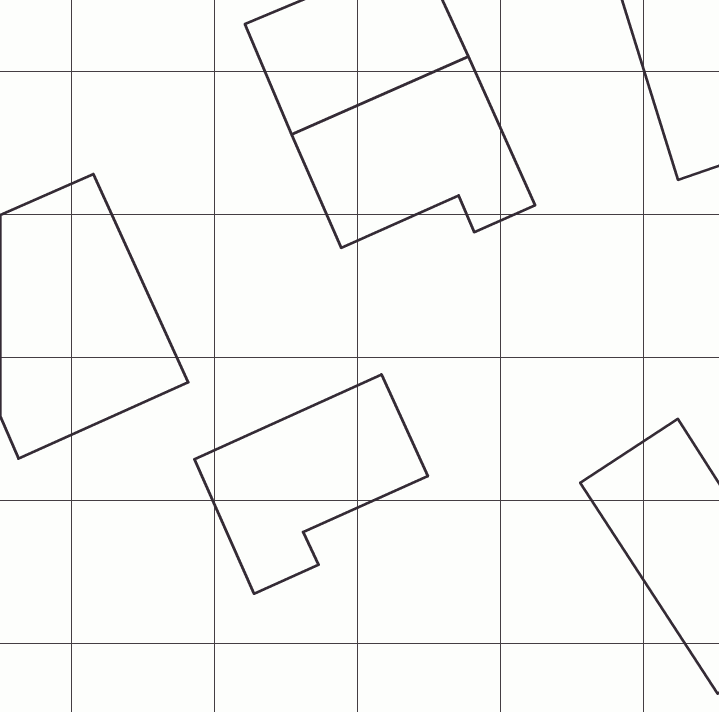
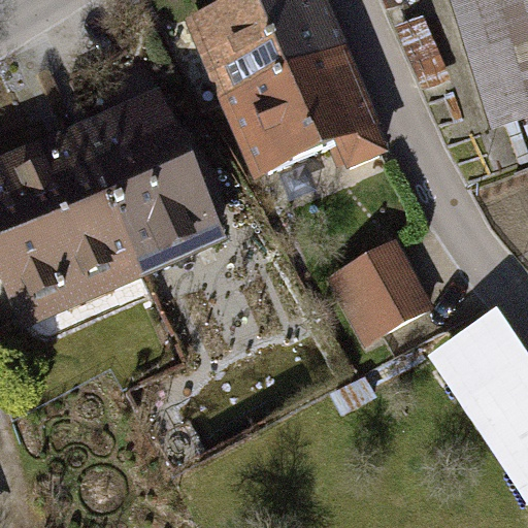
building: none -> [71,88,227,278]
building: none -> [324,234,434,343]
building: [194,374,428,594] -> none

